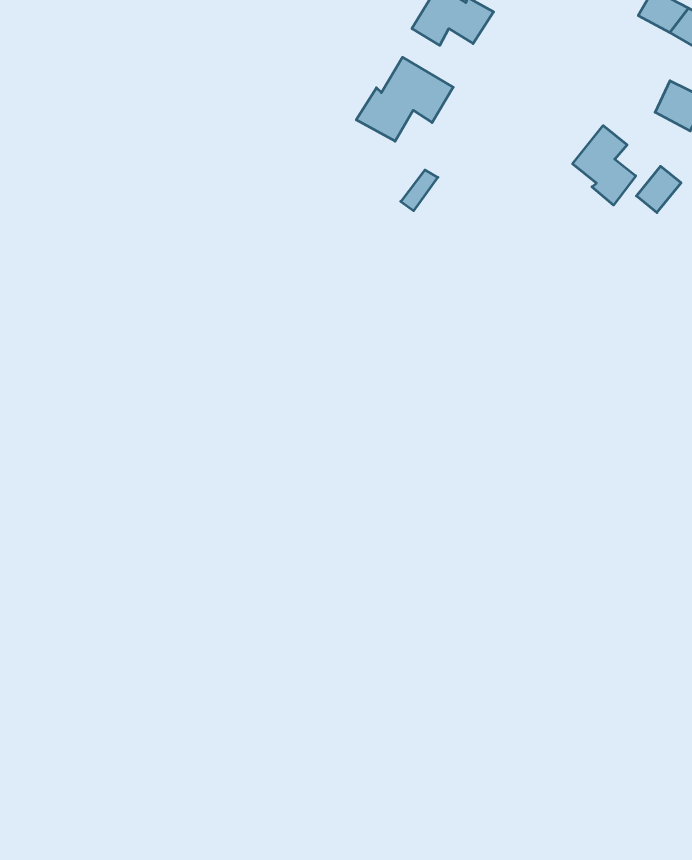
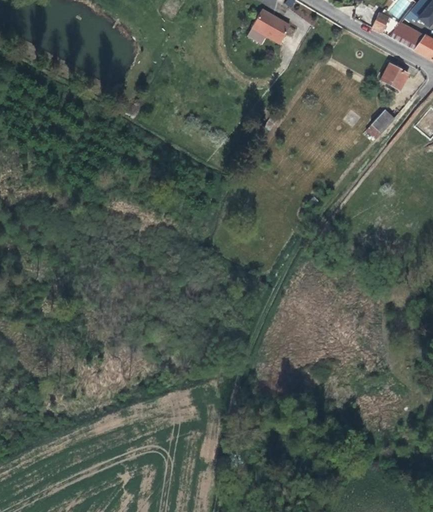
building: [356,57,453,141] -> none
building: [573,126,636,205] -> none

